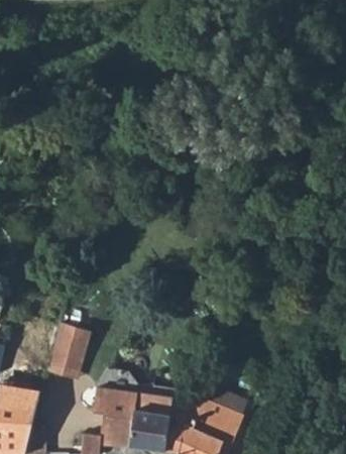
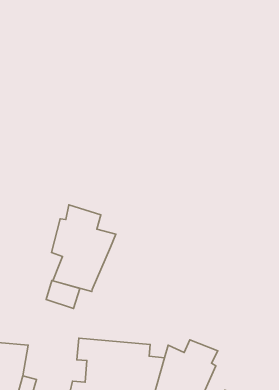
building: none -> [51,205,116,292]
building: [47,341,86,376] -> none

